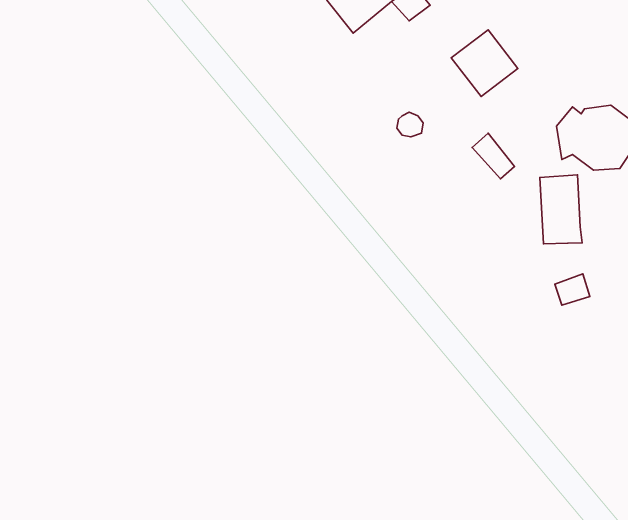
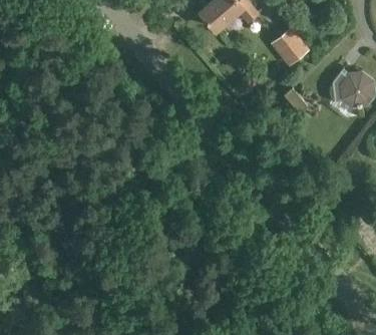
building: [540,175,582,244] -> none

